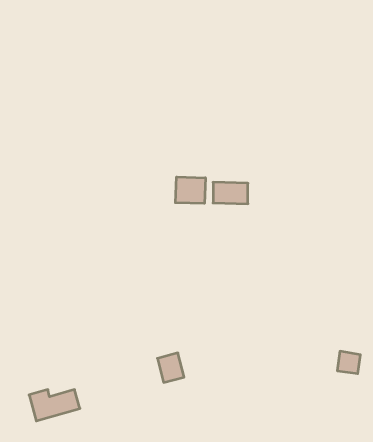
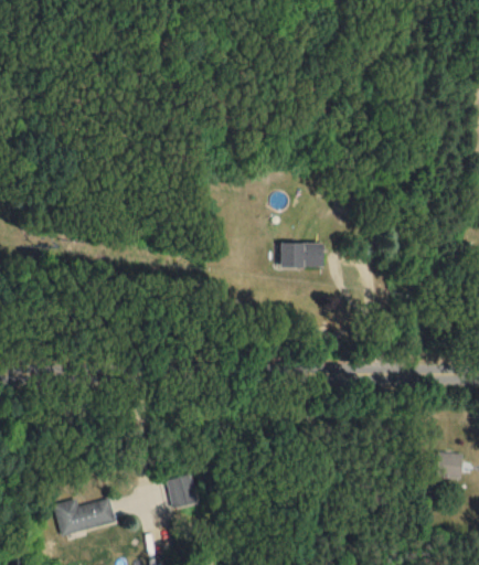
building: [175,177,205,203] -> none
building: [157,353,184,382] -> [166,472,199,509]

